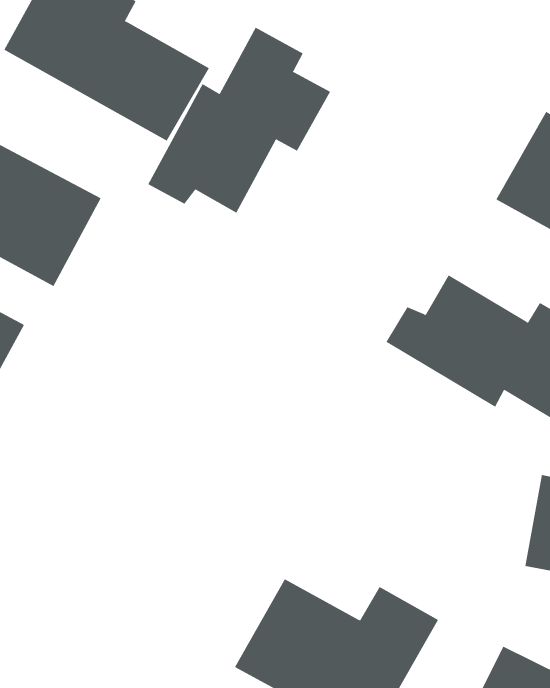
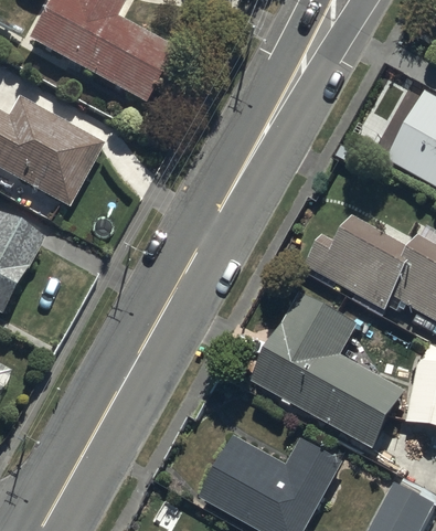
building: [147,27,331,213] -> none
building: none -> [248,286,406,446]

